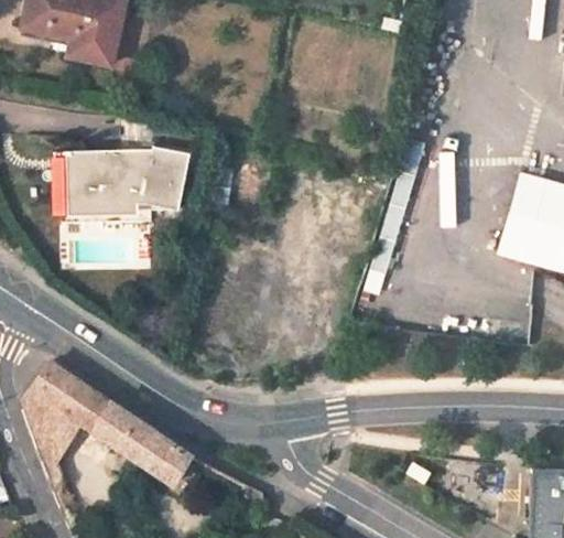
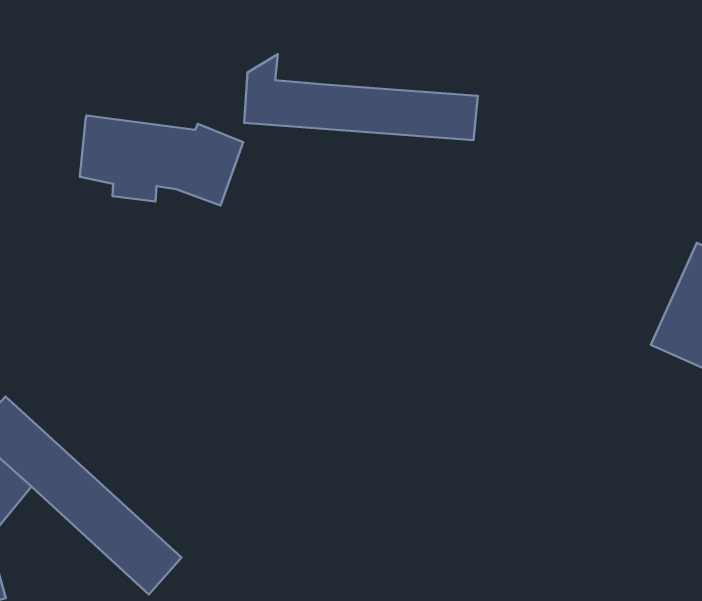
building: none -> [244,54,478,140]
building: [67,158,133,214] -> none

